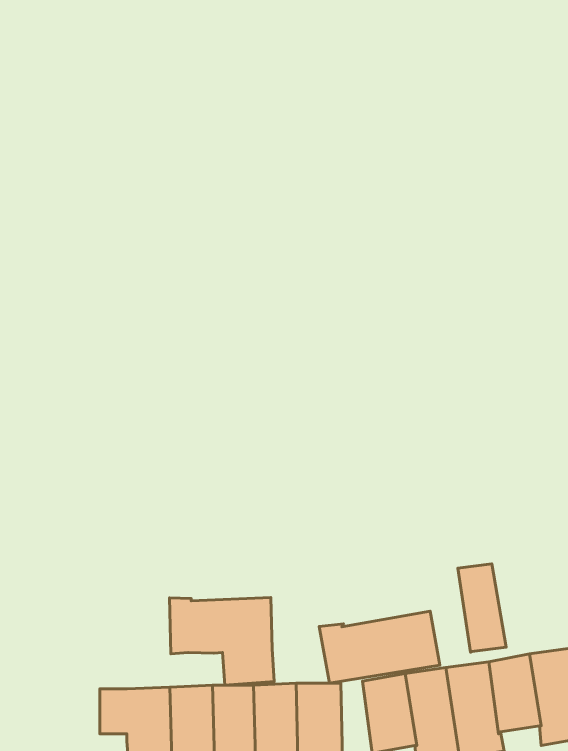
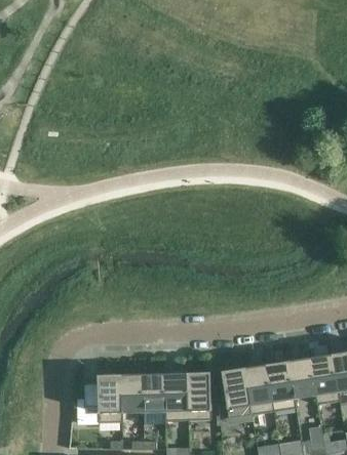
building: [458,564,506,652] -> none
building: [169,597,274,685] -> none
building: [319,611,440,683] -> none

